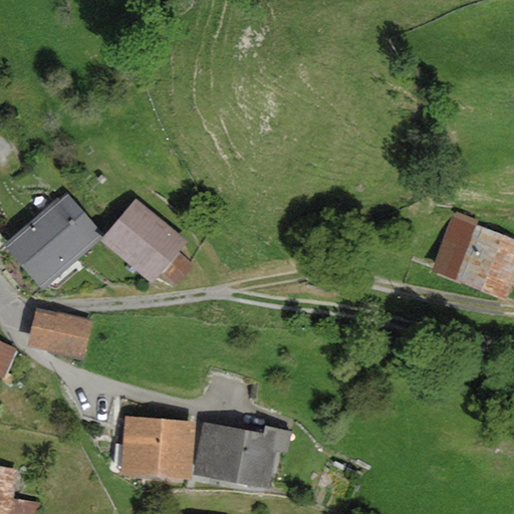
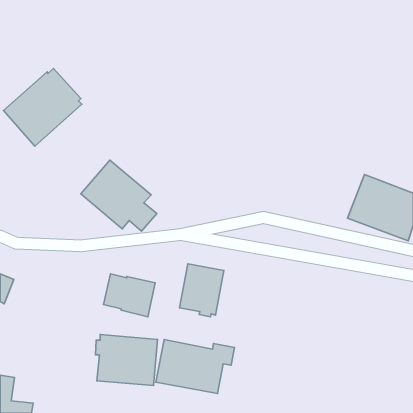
building: [4,193,101,289] -> [3,69,82,146]
building: [27,308,91,361] -> [103,274,155,317]
building: none -> [180,264,224,317]

